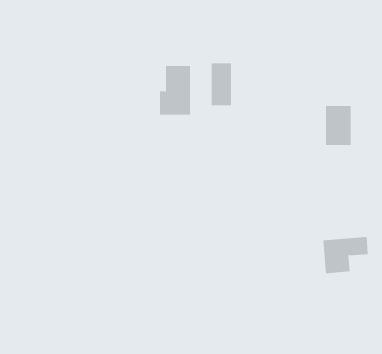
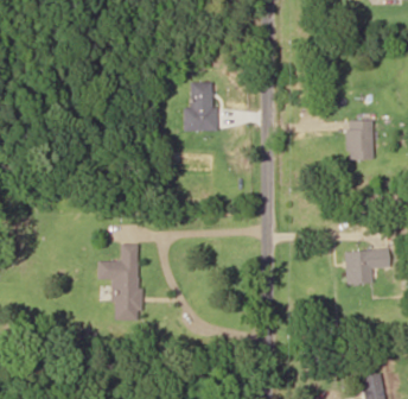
building: [211,63,232,106] -> none
building: none -> [98,243,139,319]

